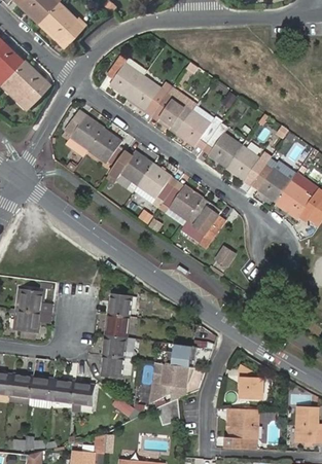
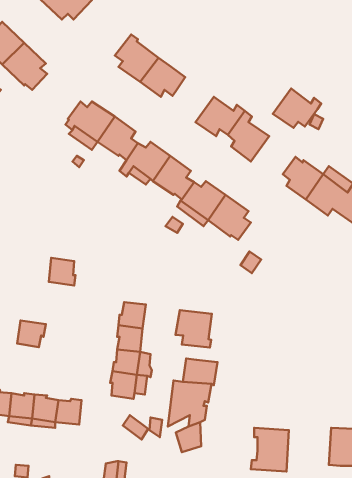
building: [155,87,192,133] -> none
building: [225,145,269,180] -> [273,89,321,128]
building: [20,288,43,313] -> [49,258,75,285]
building: none -> [176,310,212,347]
building: [239,363,265,397] -> none
building: [72,381,95,405] -> none

